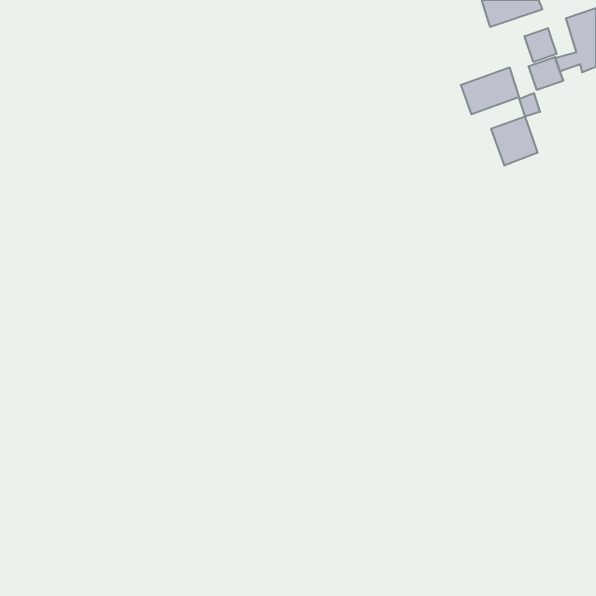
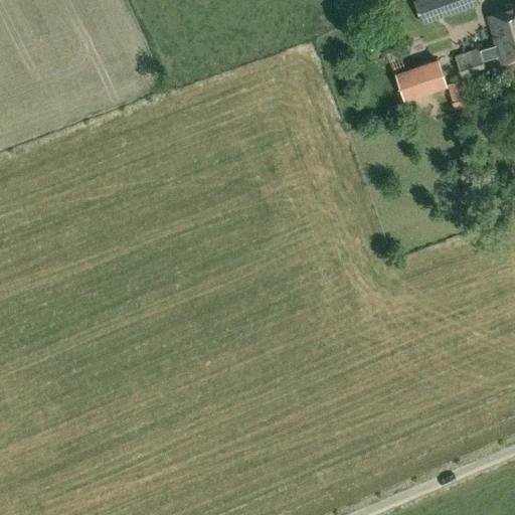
building: [525,28,557,62] -> none
building: [491,117,537,166] -> none

